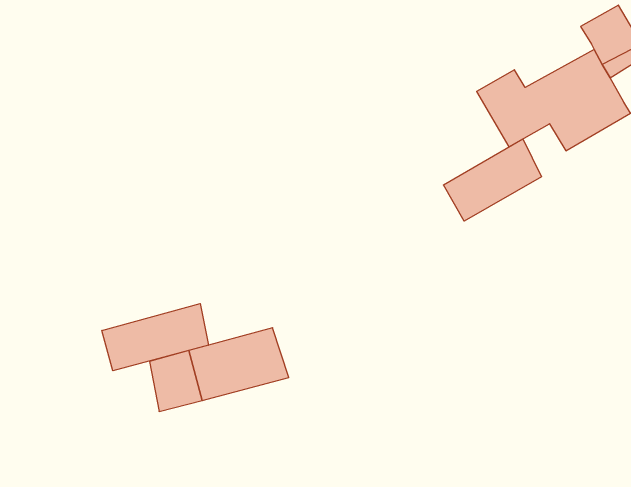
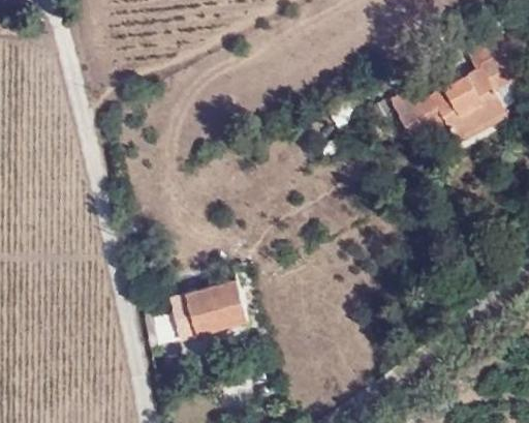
building: [443,139,542,221] -> none
building: [102,304,208,371] -> none

